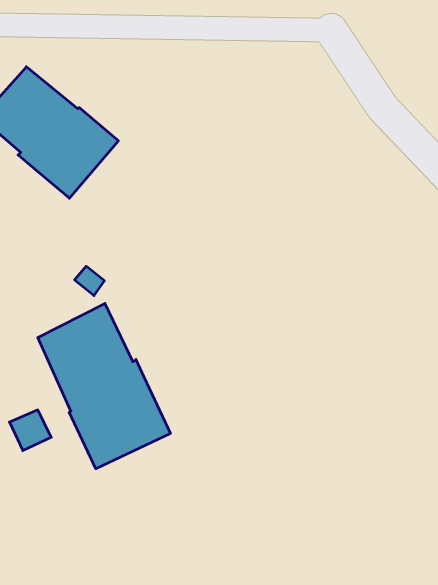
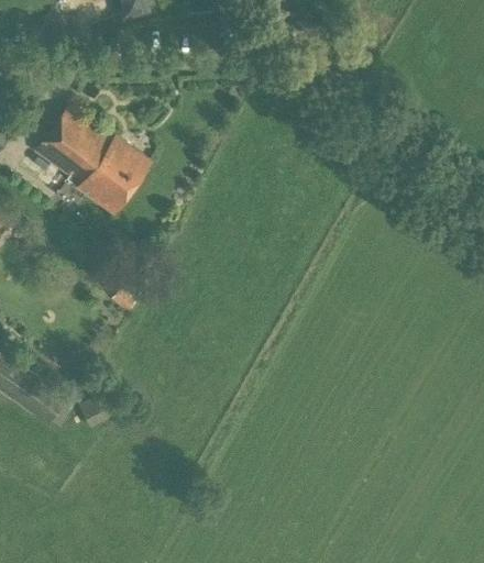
building: [38,303,170,469] -> none

